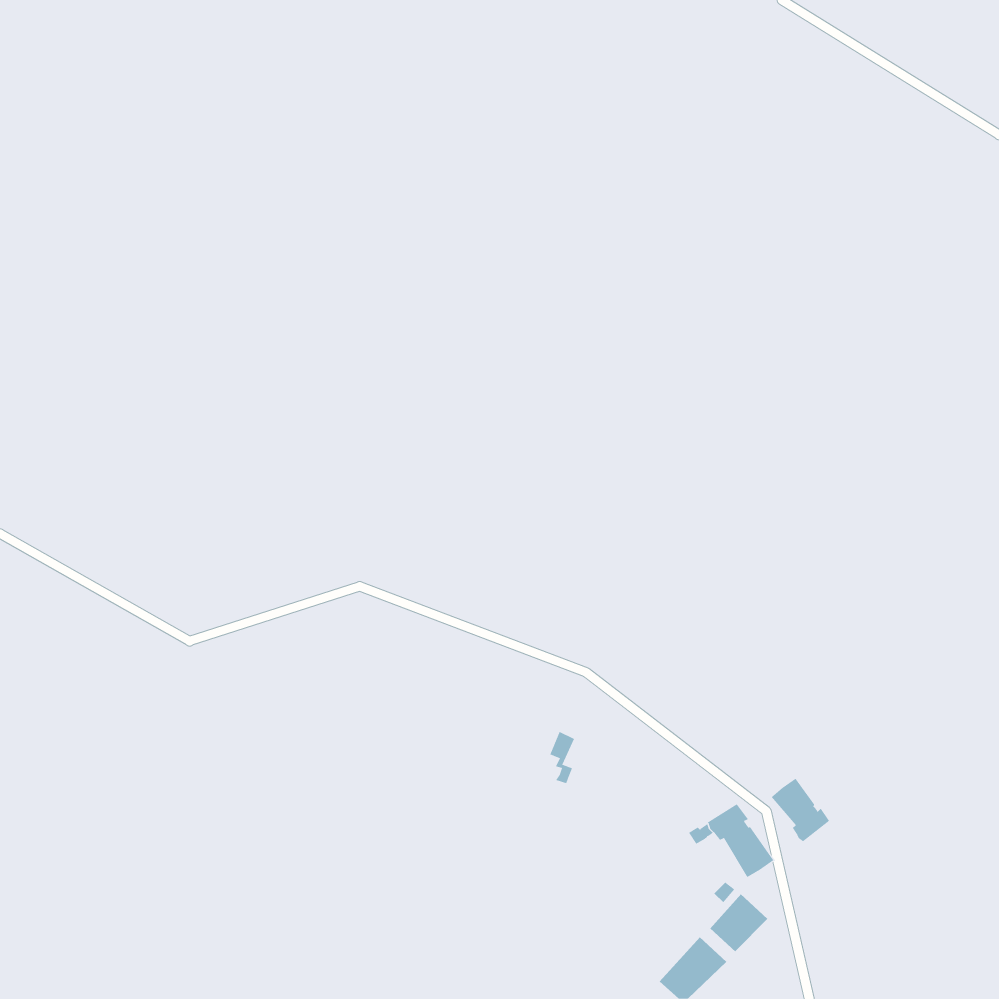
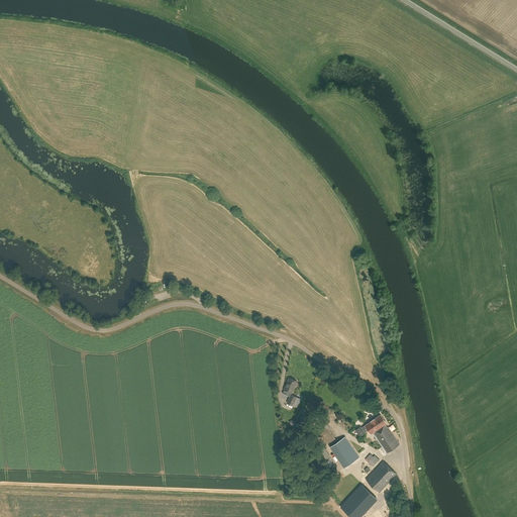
building: [771,778,830,843] -> none
building: none -> [330,436,359,468]

